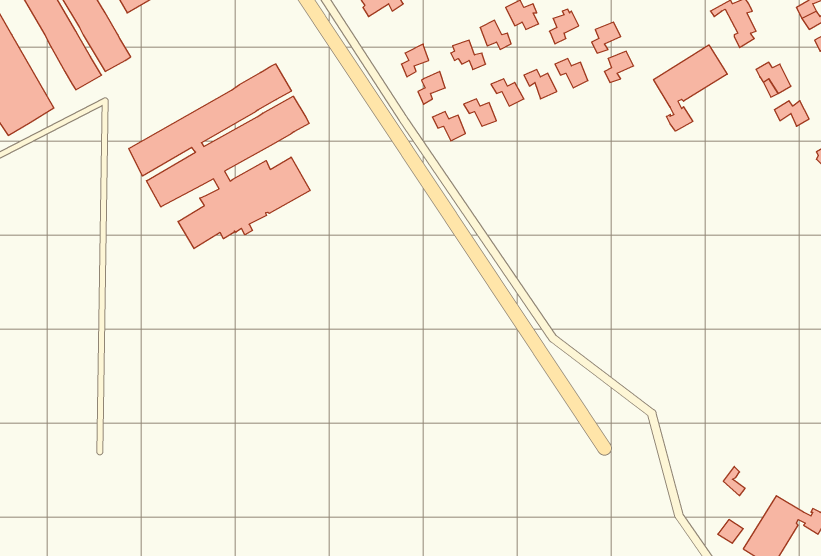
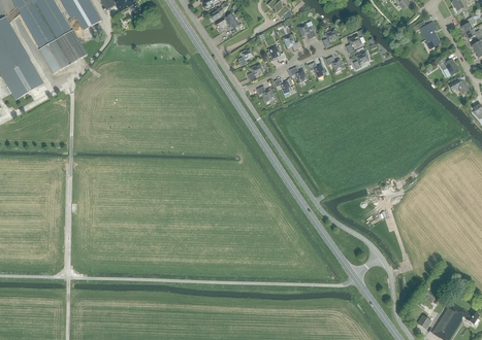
building: [654,45,727,131] -> none
building: [129,64,310,249] -> none

